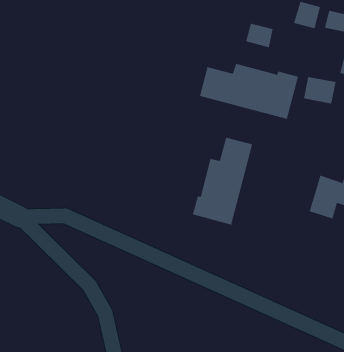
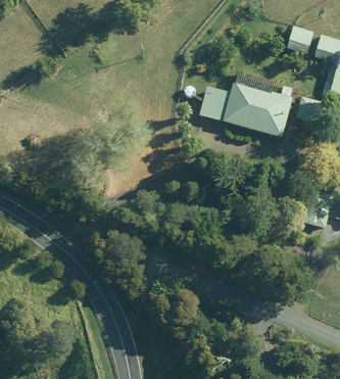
building: [246,23,273,48] -> none
building: [192,137,253,225] -> none

